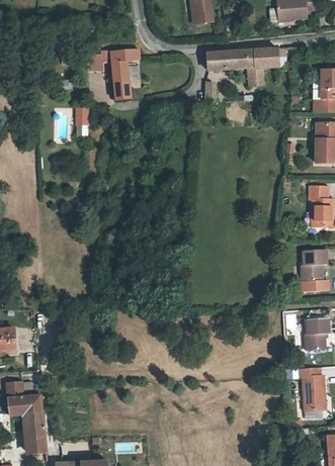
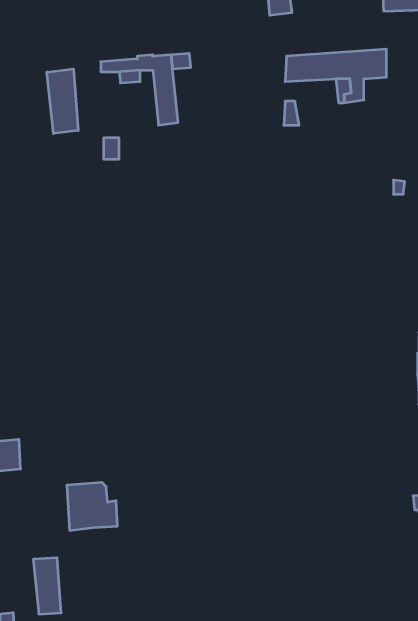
building: none -> [47,69,78,134]
building: [6,381,43,415] -> [67,482,117,530]

